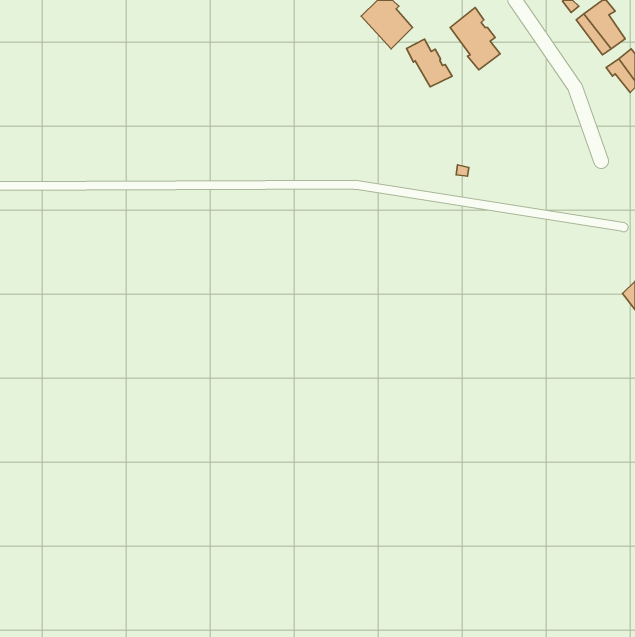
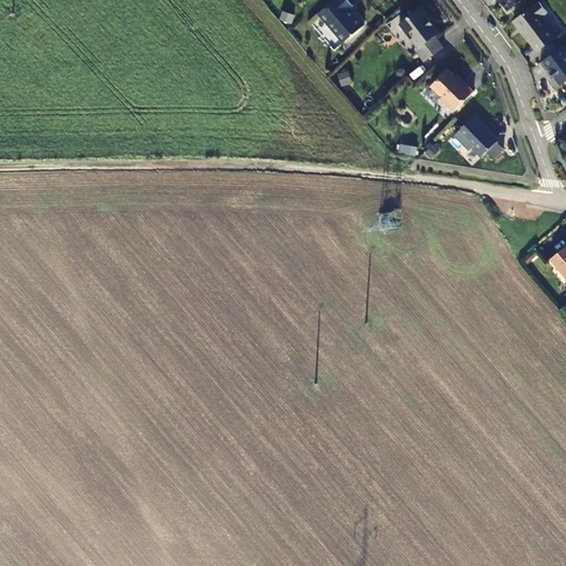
building: [407,39,452,87] -> none
building: none -> [430,70,472,113]
building: none -> [453,117,496,161]

